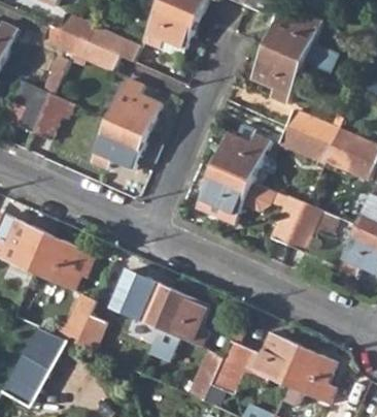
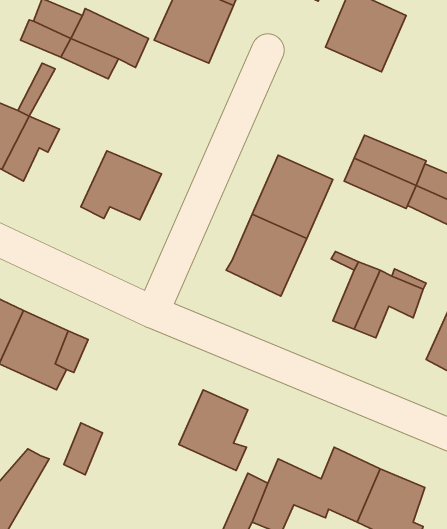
building: [250,44,305,103] -> none
building: [108,77,161,135] -> none
building: [119,275,177,329] -> none
building: [52,293,96,344] -> none

